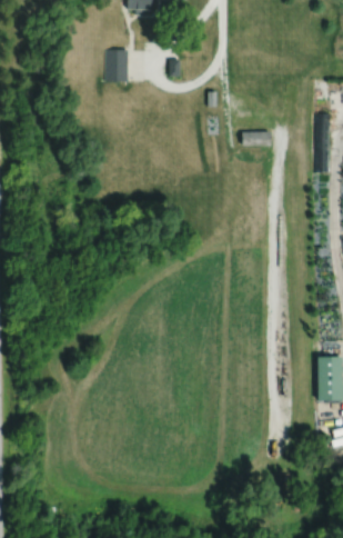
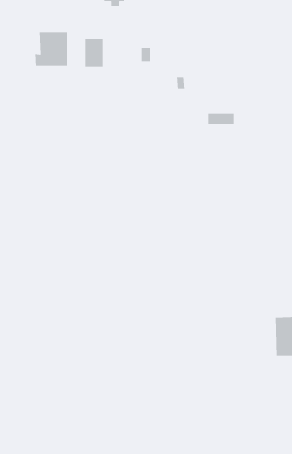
building: none -> [35,32,68,67]

